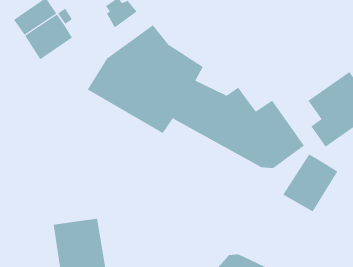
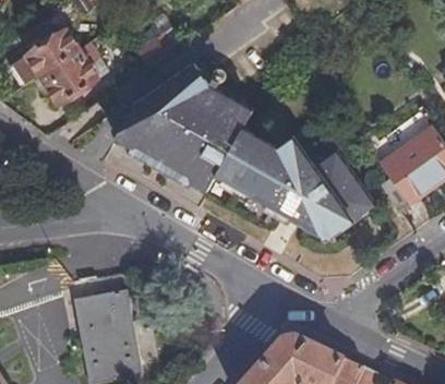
building: [283,154,338,212] -> none

